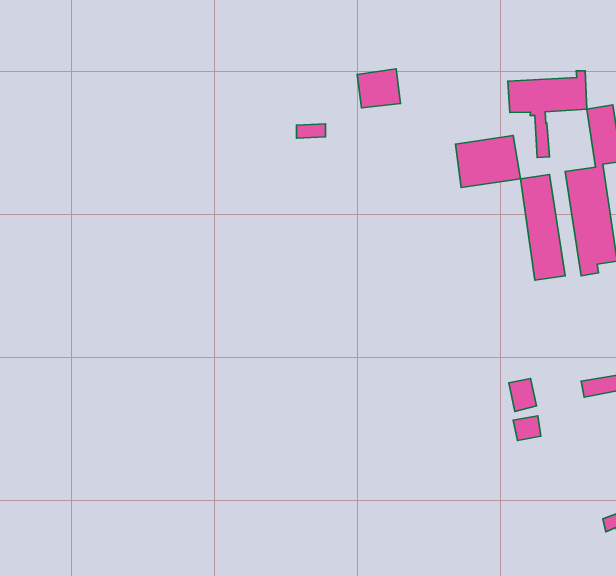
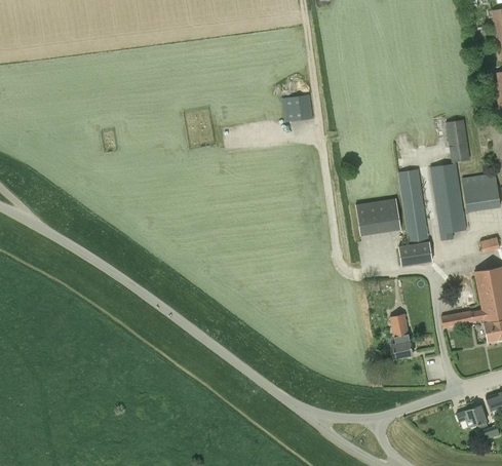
building: [508,71,587,158] -> none
building: [455,135,520,187] -> [354,197,400,234]
building: none -> [399,240,432,266]

